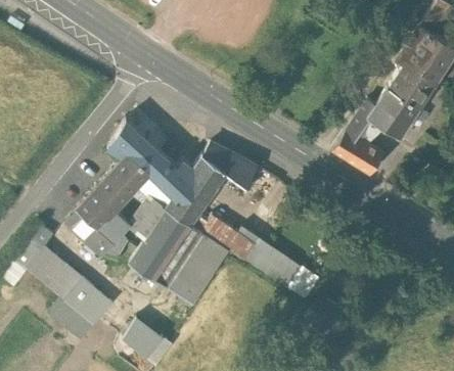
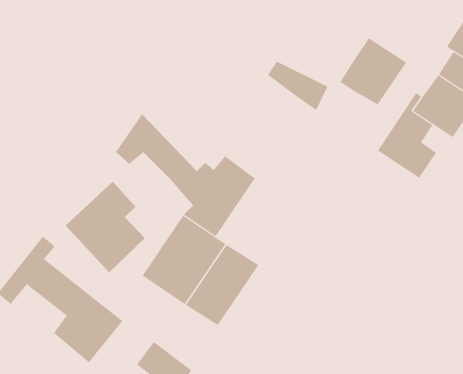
building: none -> [339,37,407,105]
building: [203,145,257,189] -> [267,61,328,111]
building: [103,153,151,200] -> none
building: [193,216,320,298] -> none

